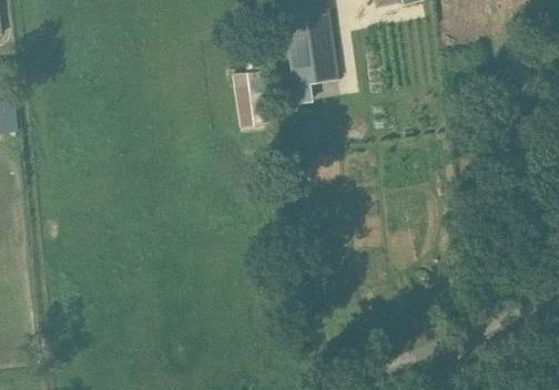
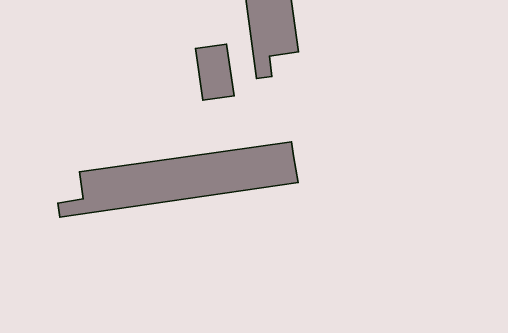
building: none -> [58,142,298,217]

